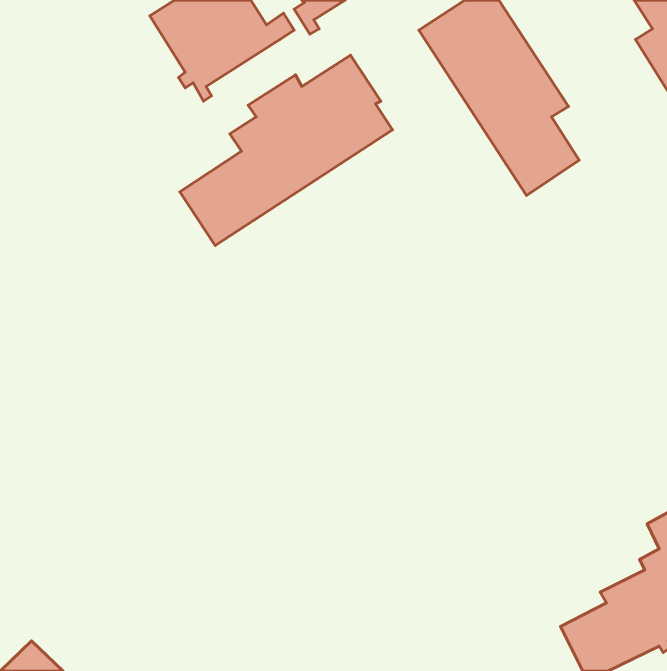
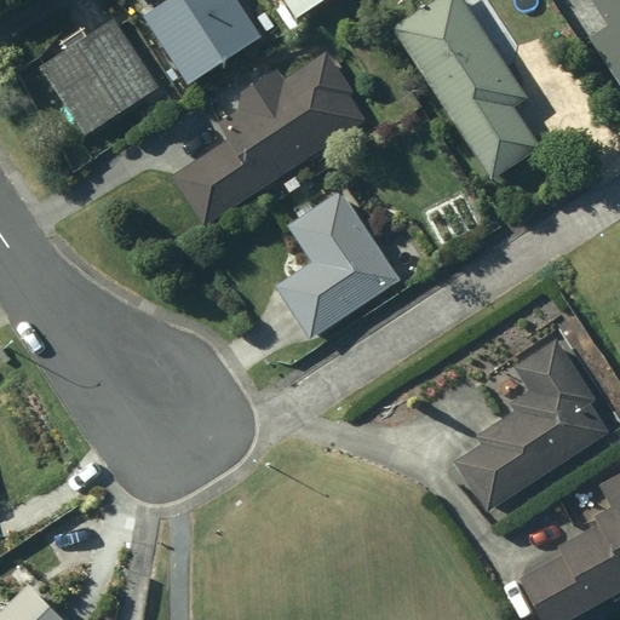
building: none -> [40,19,157,134]
building: none -> [276,190,400,338]
building: none -> [457,338,609,510]

